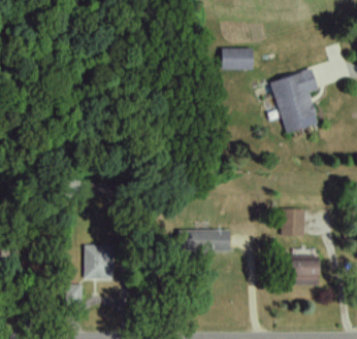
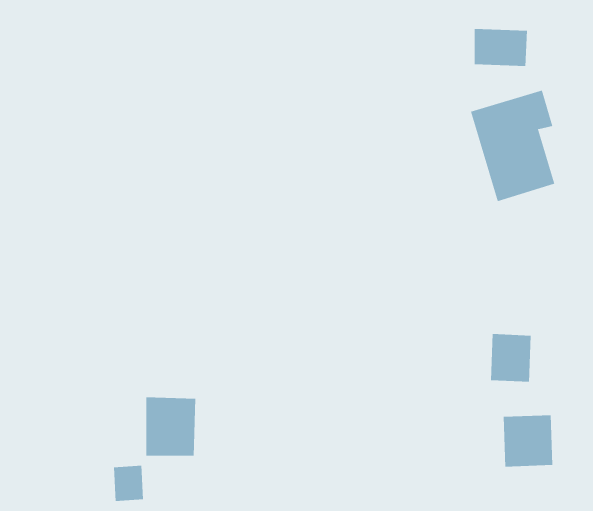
building: [222,47,253,69] -> [474,29,528,66]
building: [177,229,229,253] -> none

